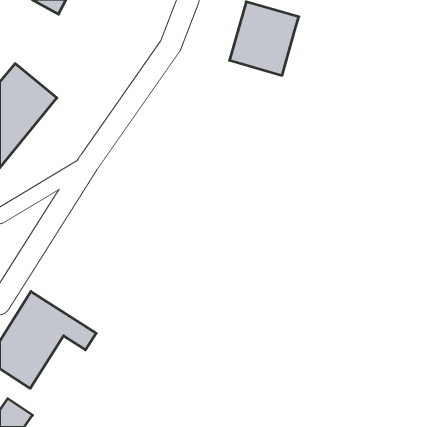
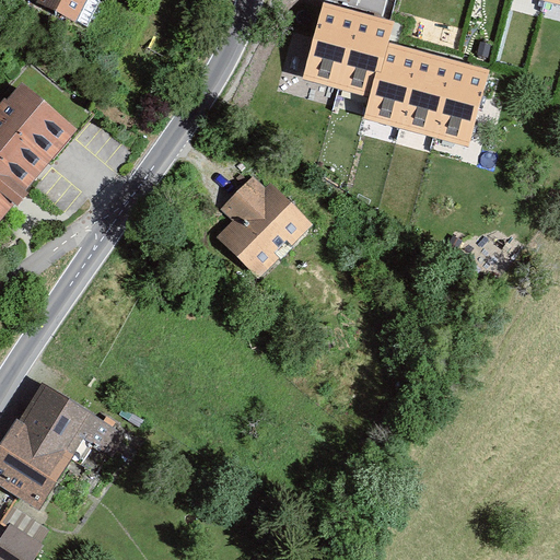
building: none -> [363,39,488,144]
building: none -> [214,178,308,271]

